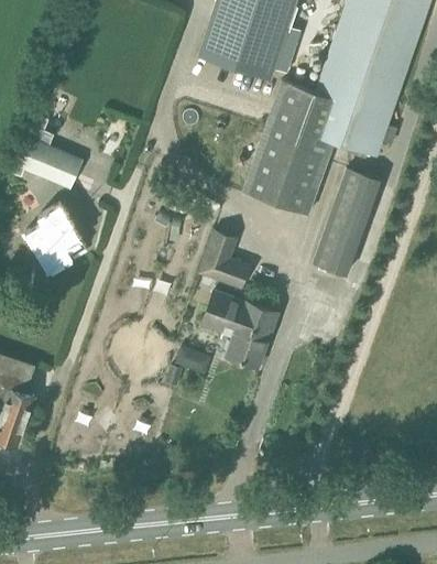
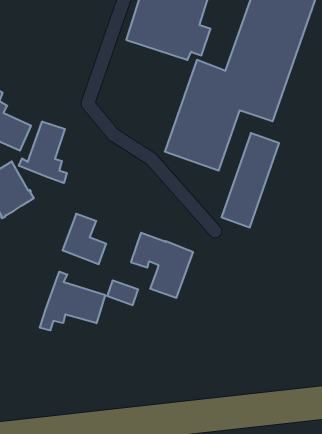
building: none -> [19,121,67,183]
building: [197,229,250,290] -> [62,214,106,264]
building: none -> [40,272,105,330]

